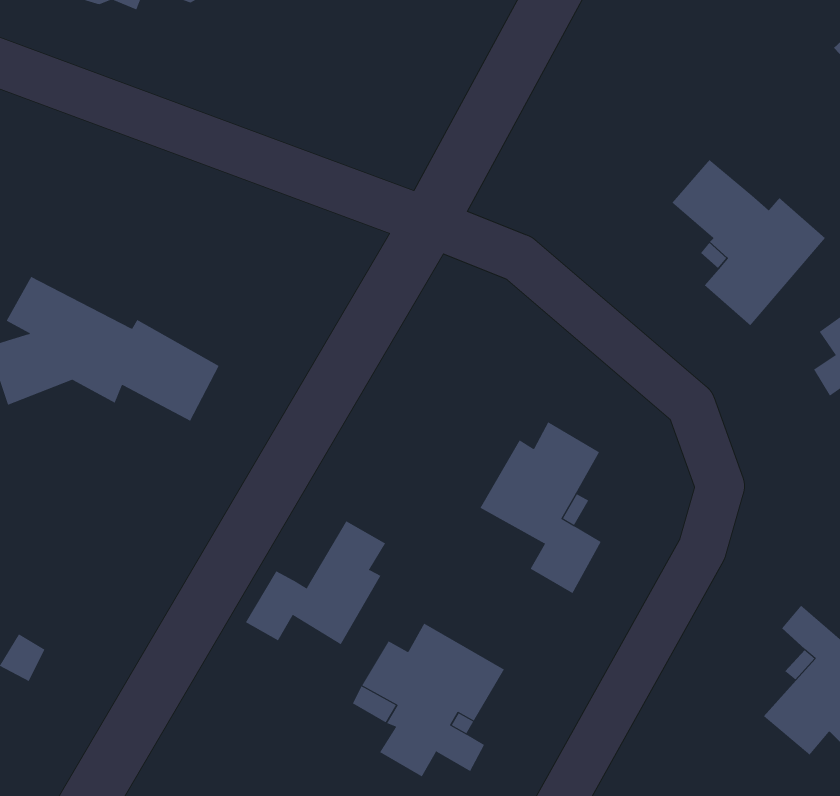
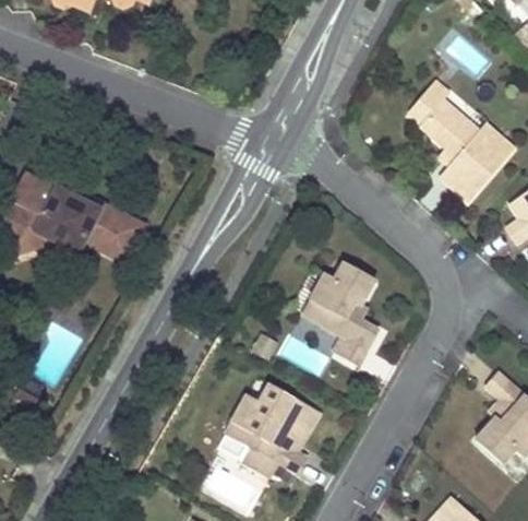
building: [245,520,386,645] -> none

